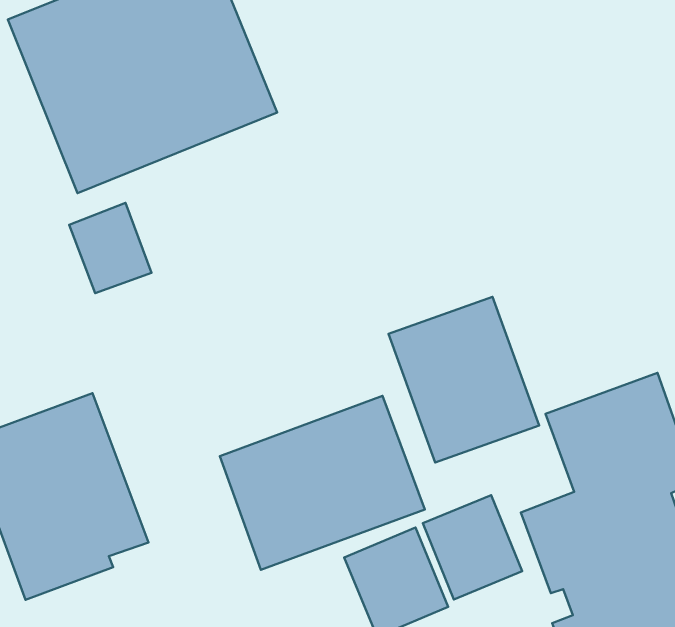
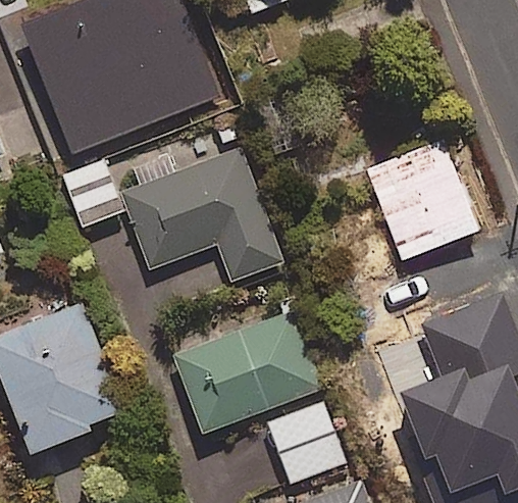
building: none -> [121,150,282,283]
building: [389,297,539,463] -> [369,140,481,263]
building: [423,495,522,600] -> none

